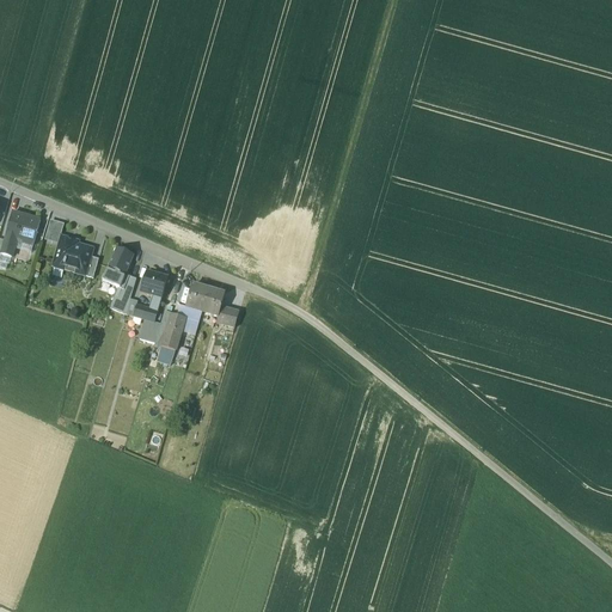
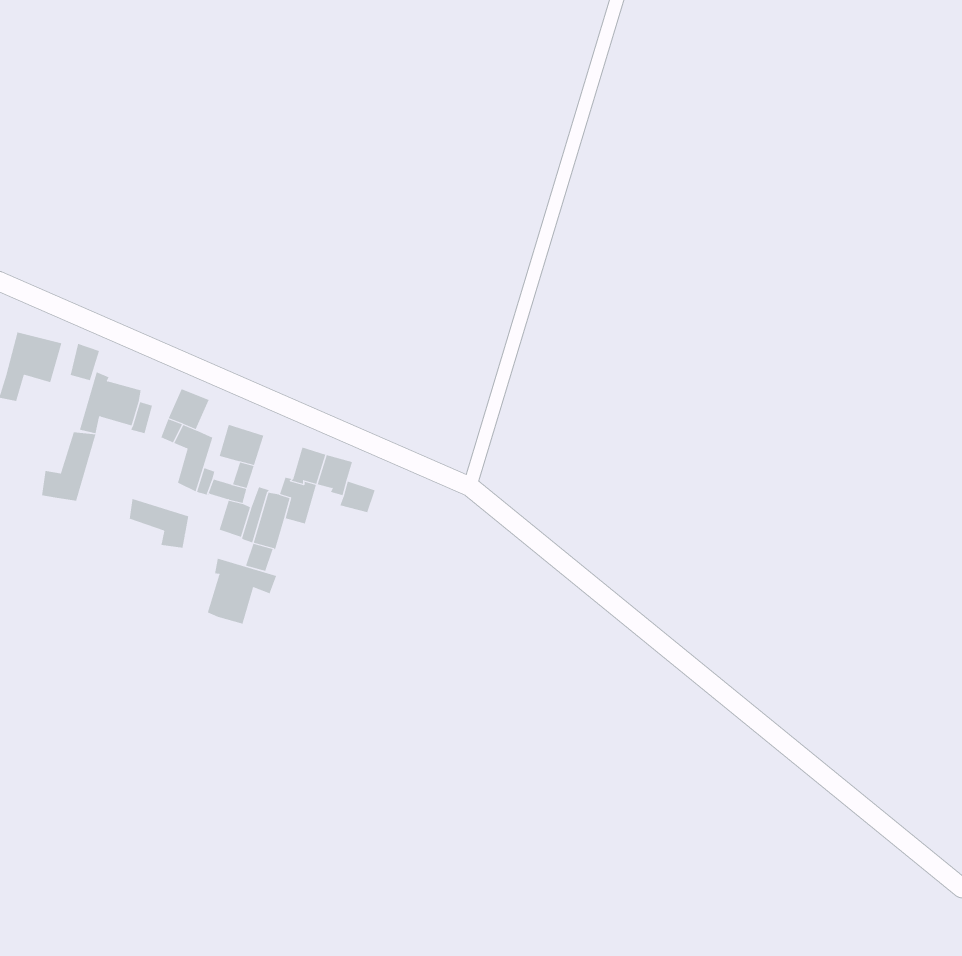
building: none -> [41,431,96,501]
building: none -> [129,498,189,549]
building: none -> [207,558,277,625]

